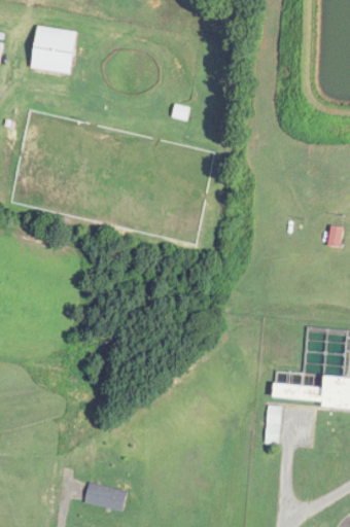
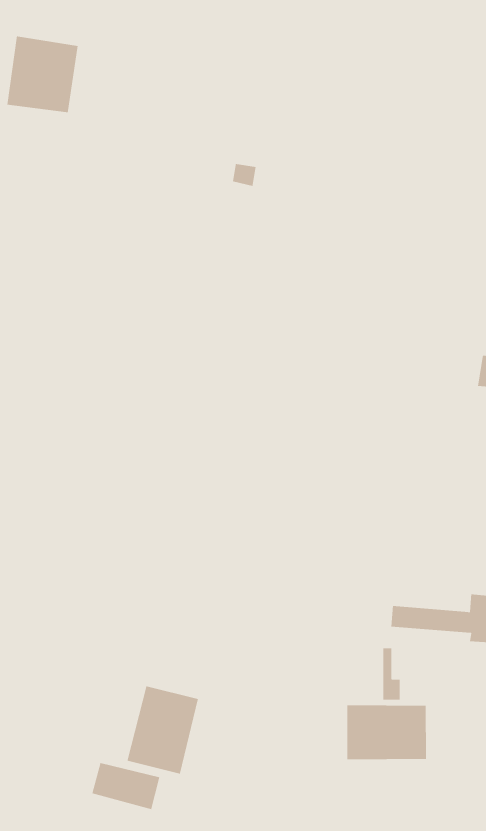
building: none -> [127,686,199,775]
building: none -> [347,705,426,760]

